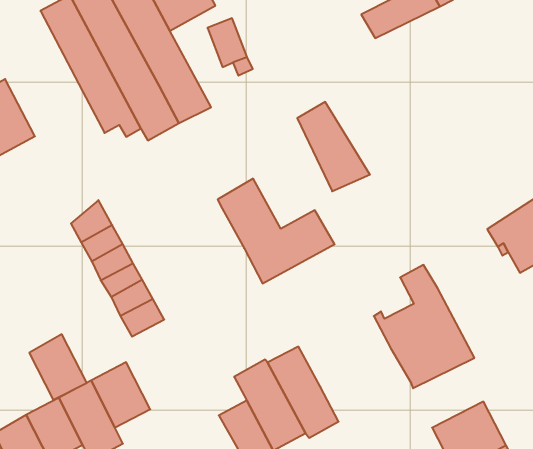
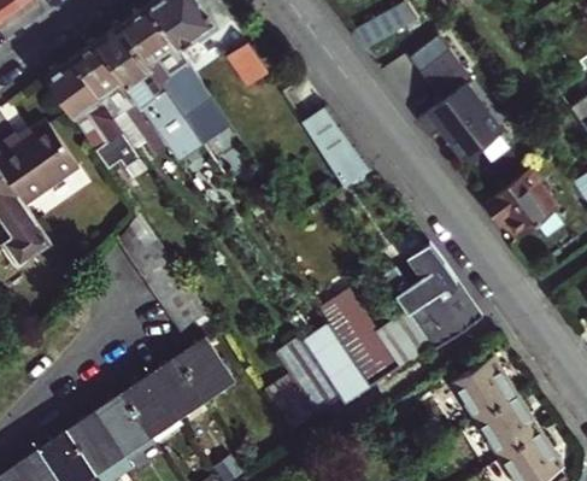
building: none -> [45,58,143,175]
building: none -> [418,51,501,163]
building: [218,179,335,283] -> [323,297,429,387]
building: [29,334,87,400] -> [180,336,233,394]

